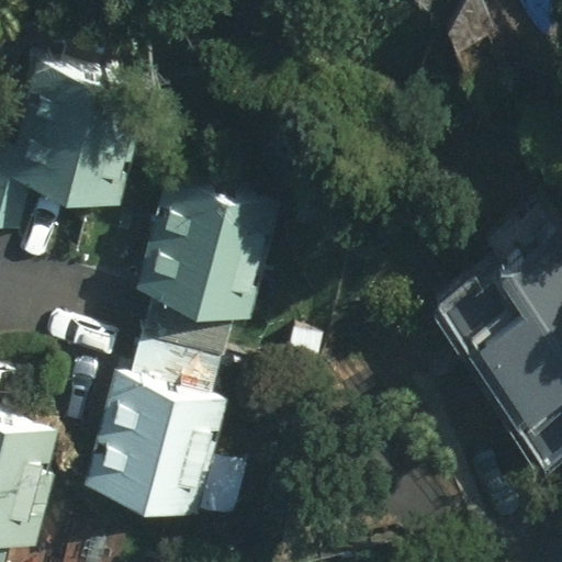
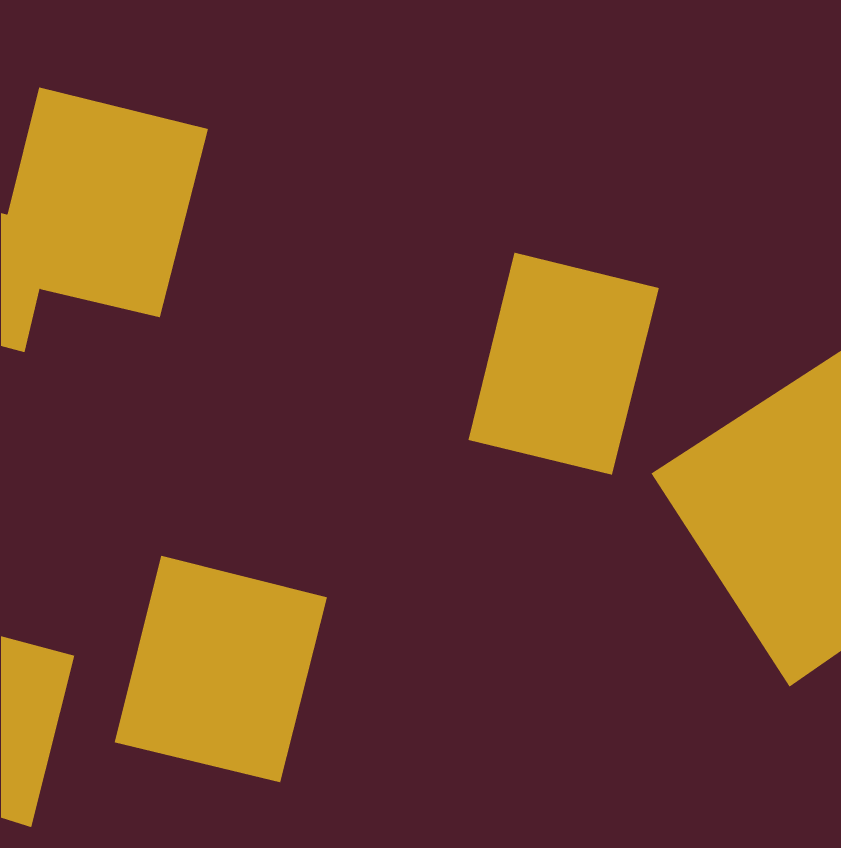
building: none -> [468,252,659,476]
building: [137,180,270,326] -> none

